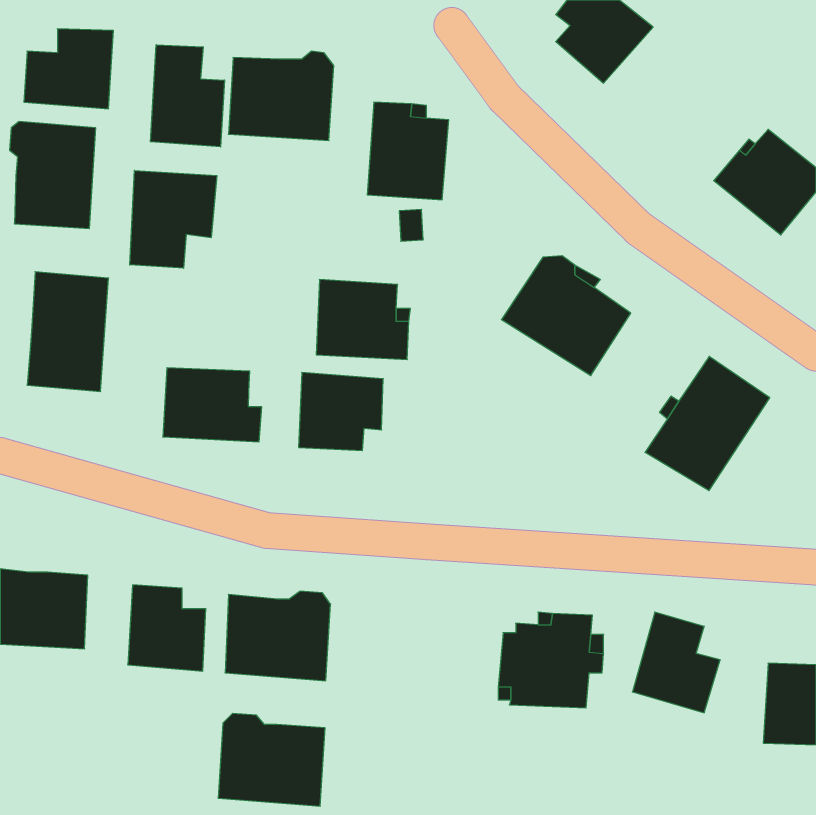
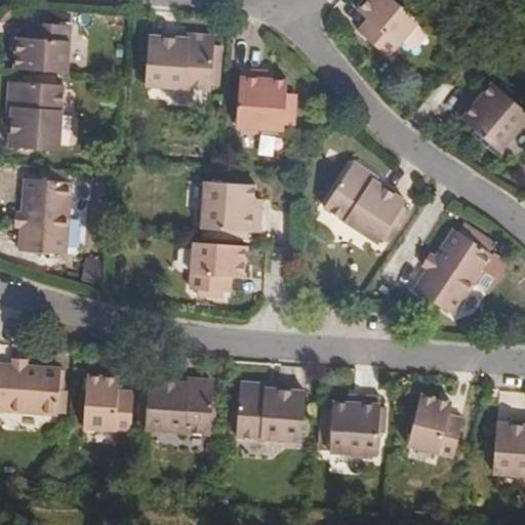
building: [150,45,225,147] -> none
building: [130,170,217,268] -> none
building: [163,368,262,442] -> none
building: [218,713,325,806] -> [235,386,304,445]

